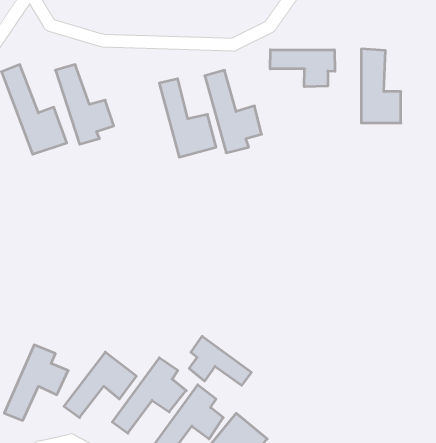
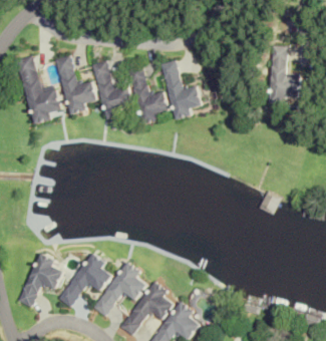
building: [270,50,335,87] -> none
building: none -> [92,60,130,114]
building: [189,336,251,385] -> none

